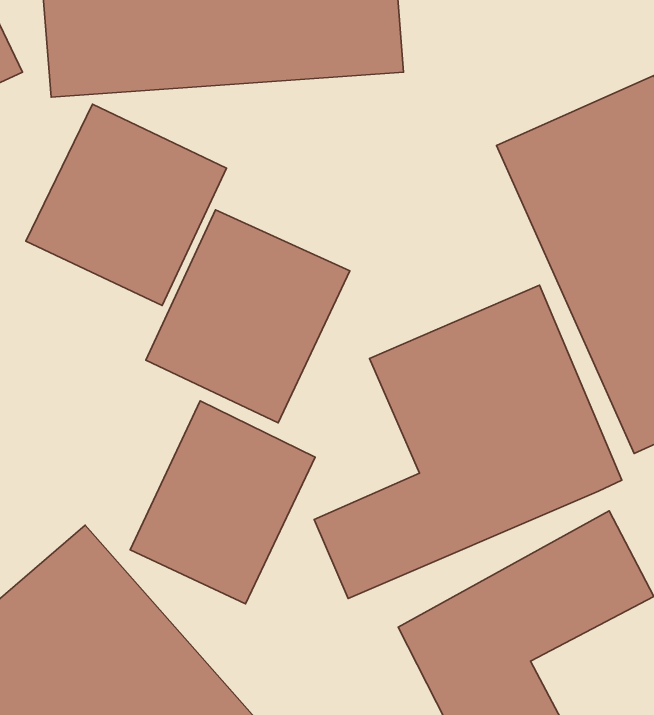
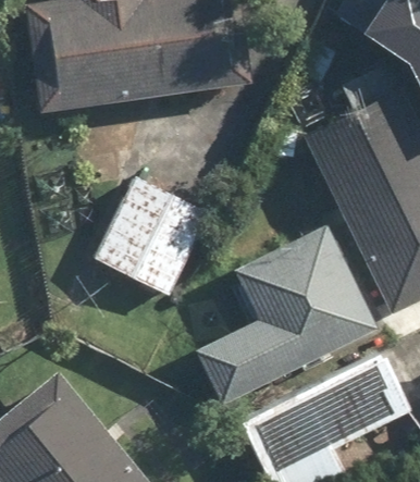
building: [26,104,227,306] -> none
building: [130,401,315,604] -> none

